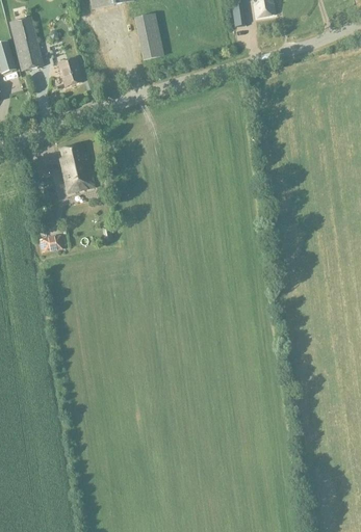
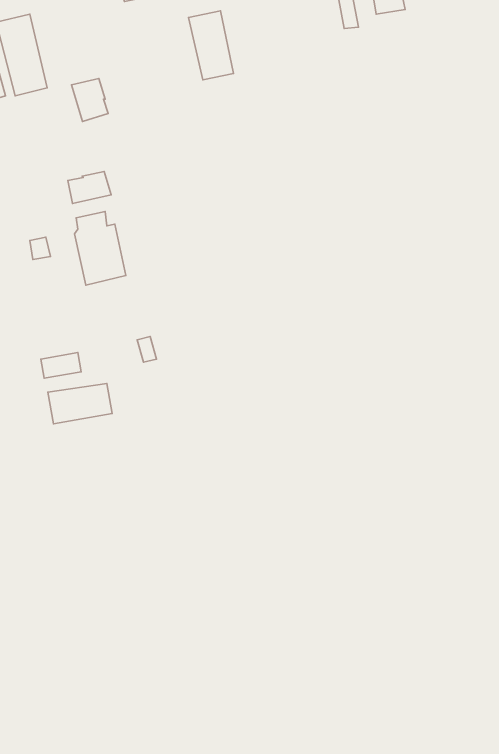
building: none -> [68,171,111,203]
building: none -> [48,384,112,424]

